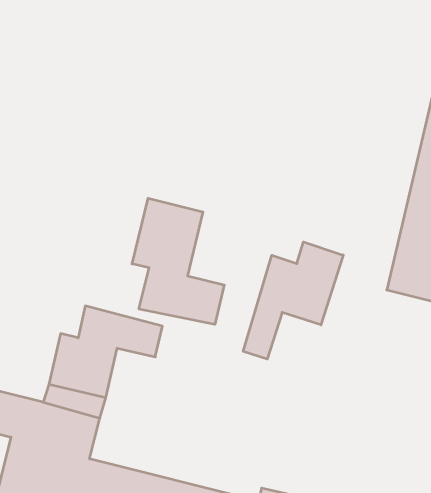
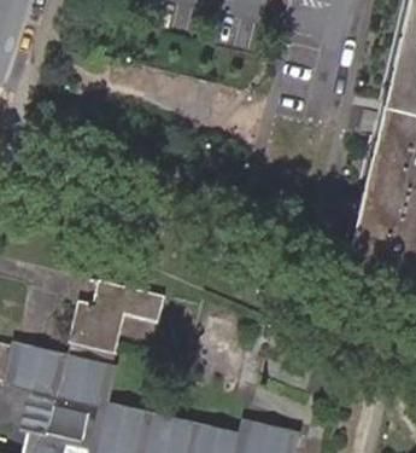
building: [132,198,224,324] -> none
building: [243,242,343,359] -> none

